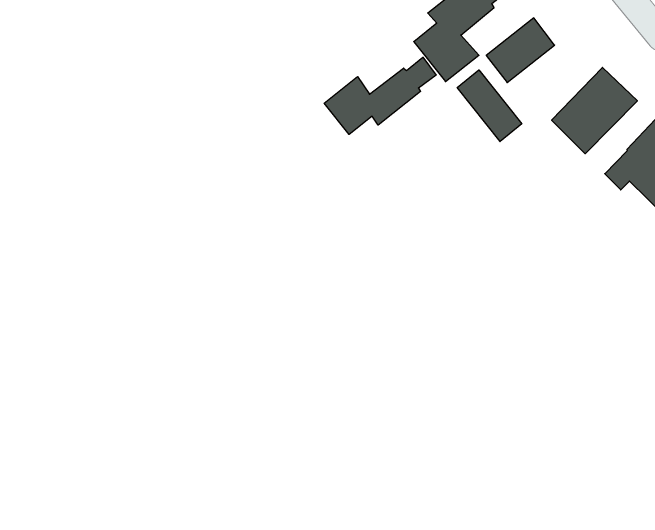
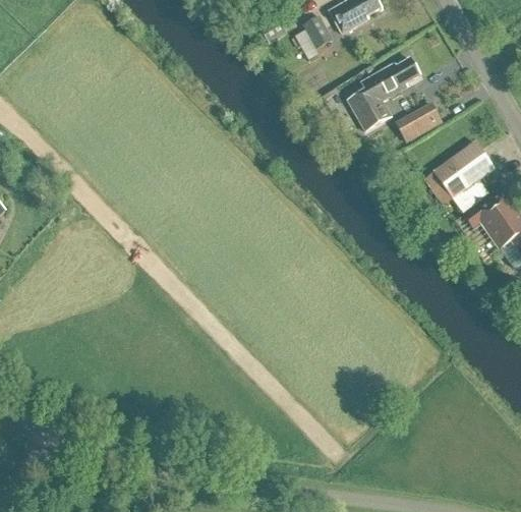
building: [324,57,436,134] -> none
building: [457,70,522,142] -> none

